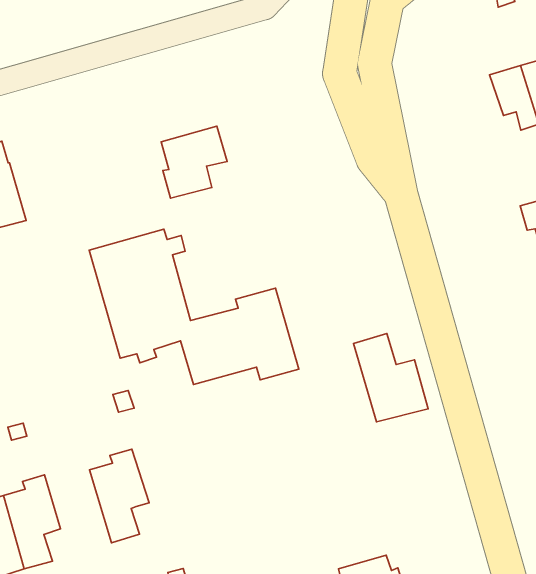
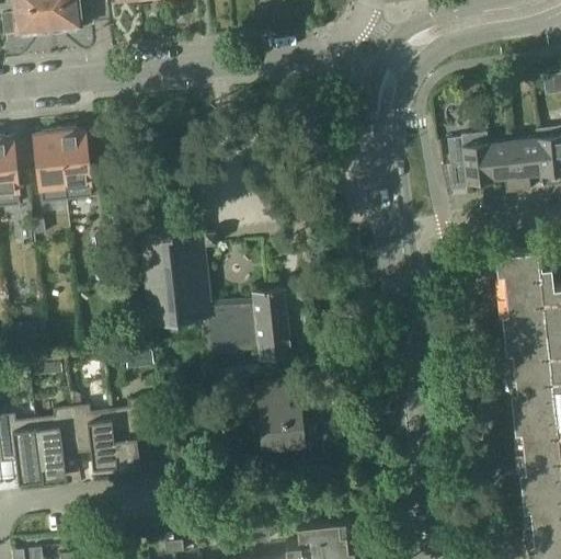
building: none -> [448,132,494,184]
building: [161,126,227,198] -> none
building: [353,334,428,422] -> [253,381,305,452]
building: none -> [71,406,116,475]

